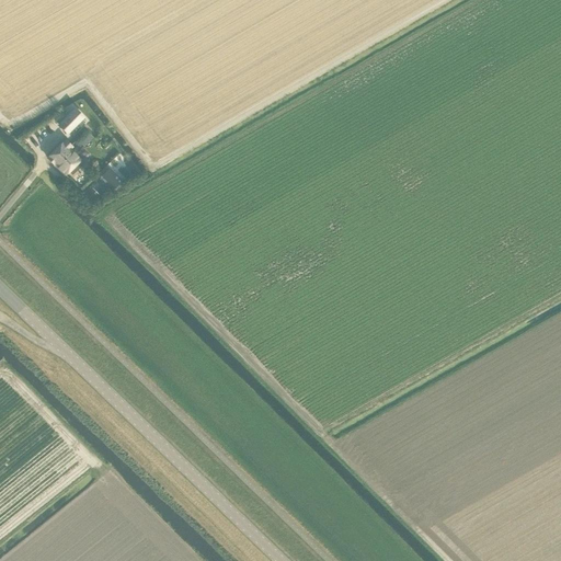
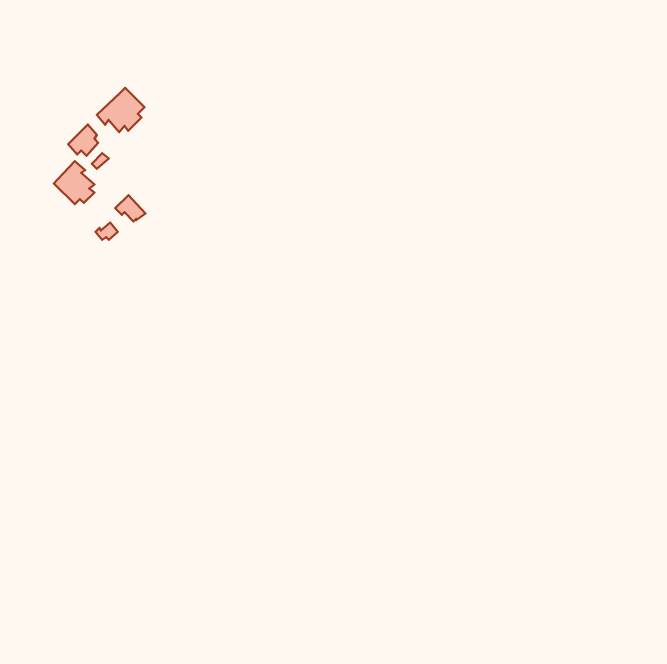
building: none -> [97,88,145,132]

